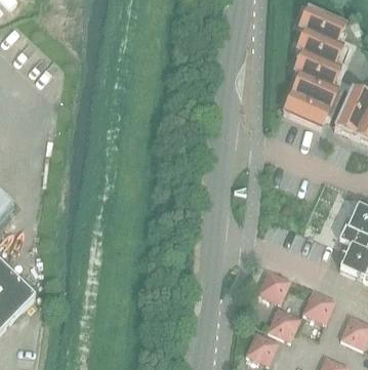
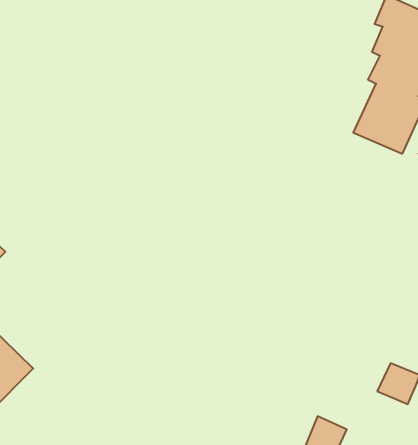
building: [257,272,290,303] -> none
building: [268,309,299,340] -> none

